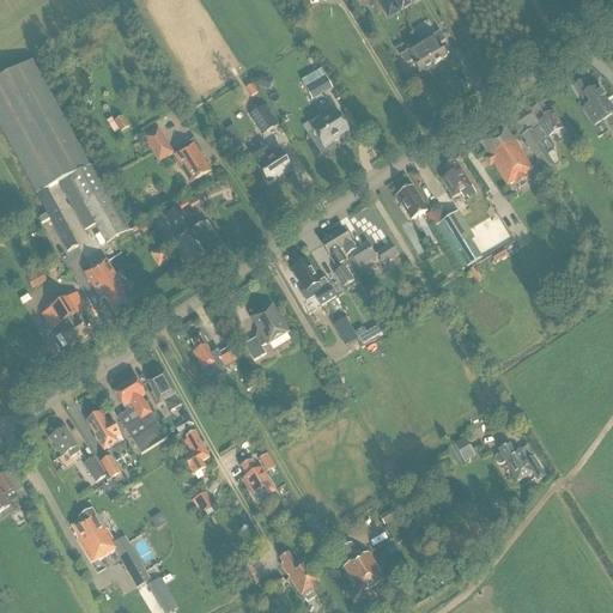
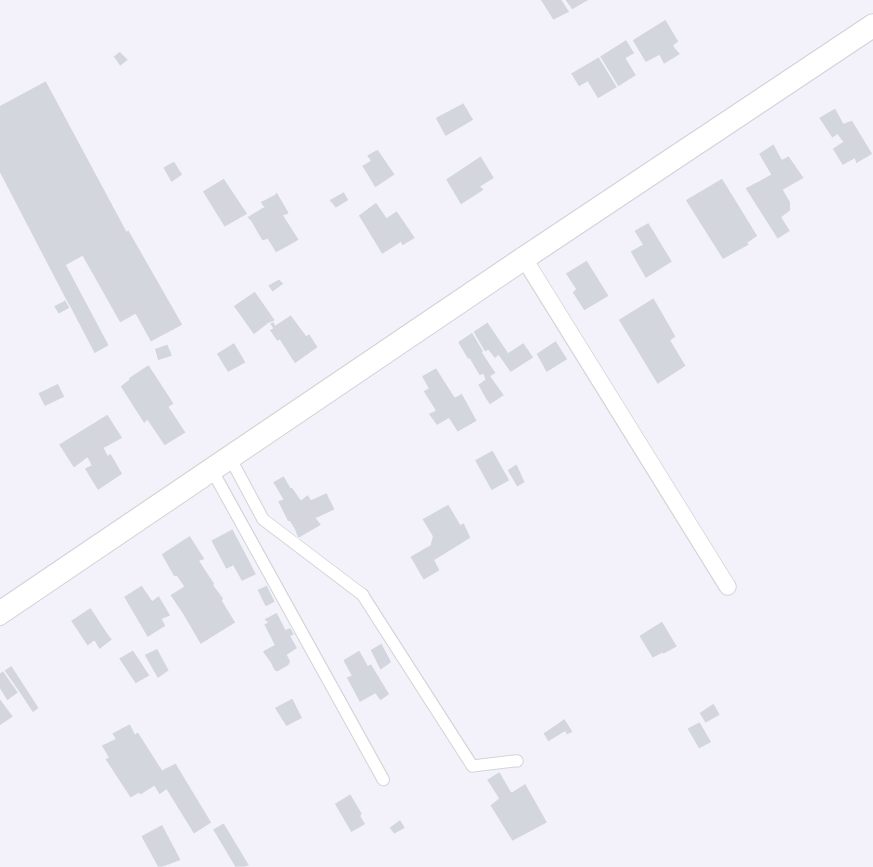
building: none -> [632,19,681,65]
building: [243,304,286,358] -> [409,504,471,581]
building: [493,439,544,478] -> none
building: [279,550,318,599] -> none

